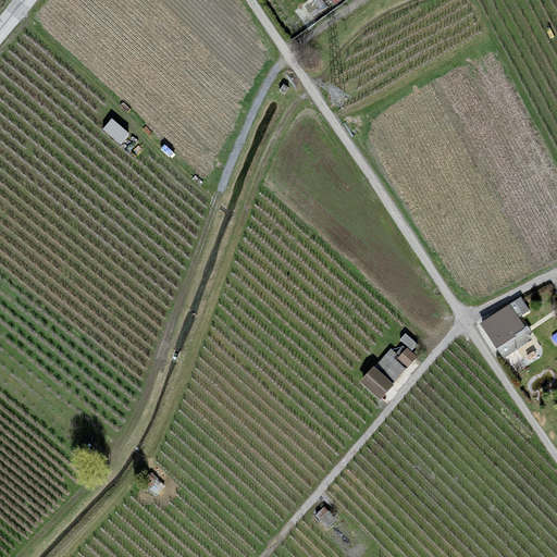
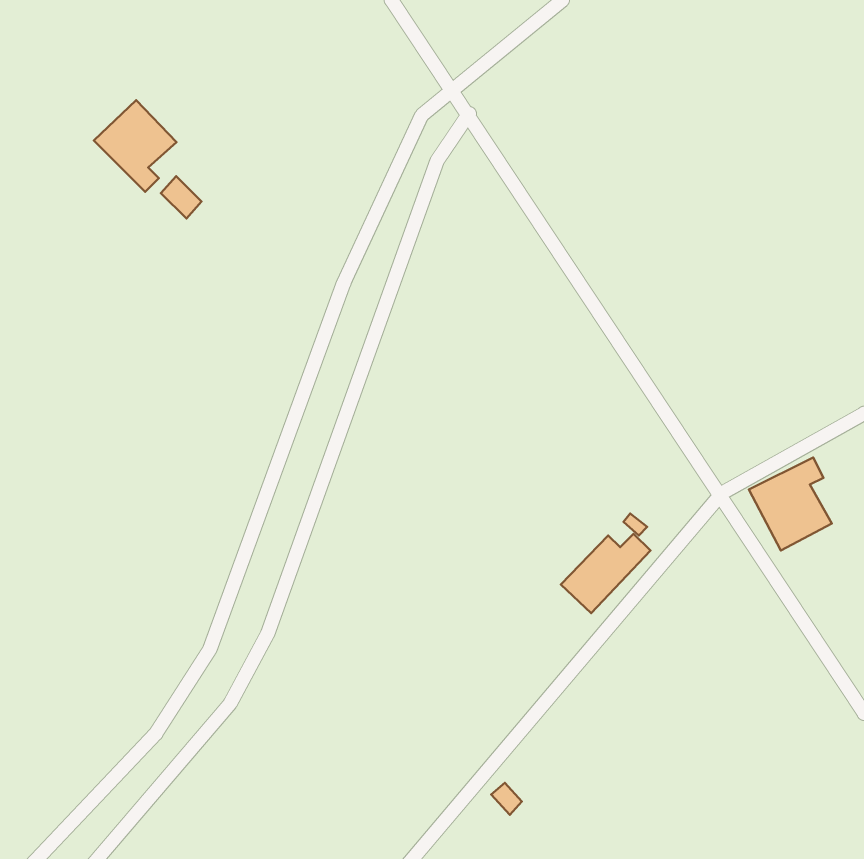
building: none -> [94,100,176,192]

